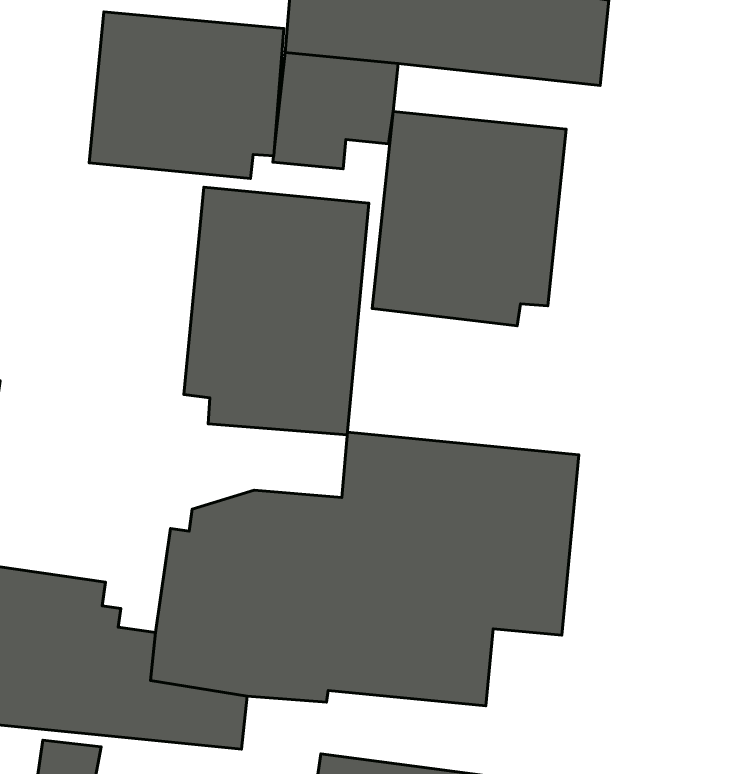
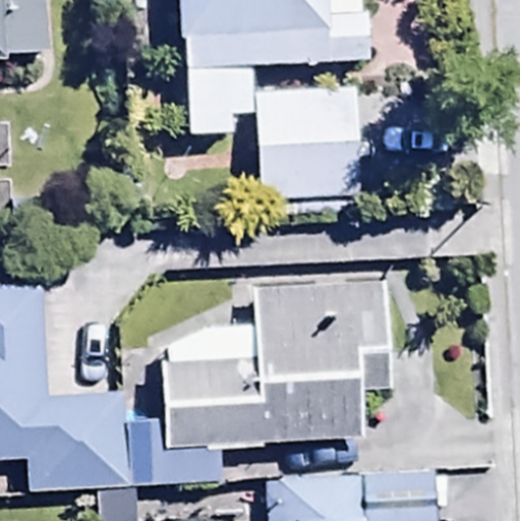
building: [89,12,284,178] -> none
building: [184,187,369,435] -> none

